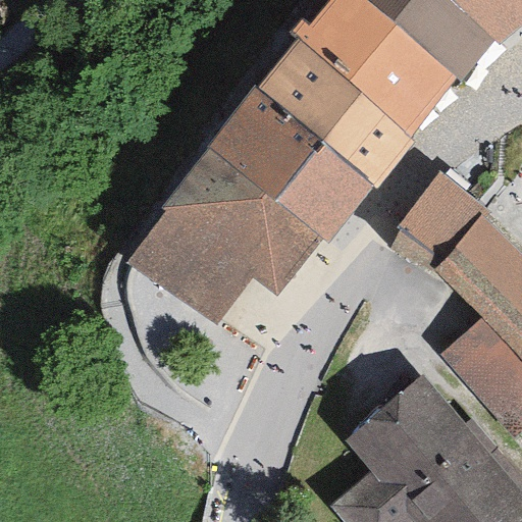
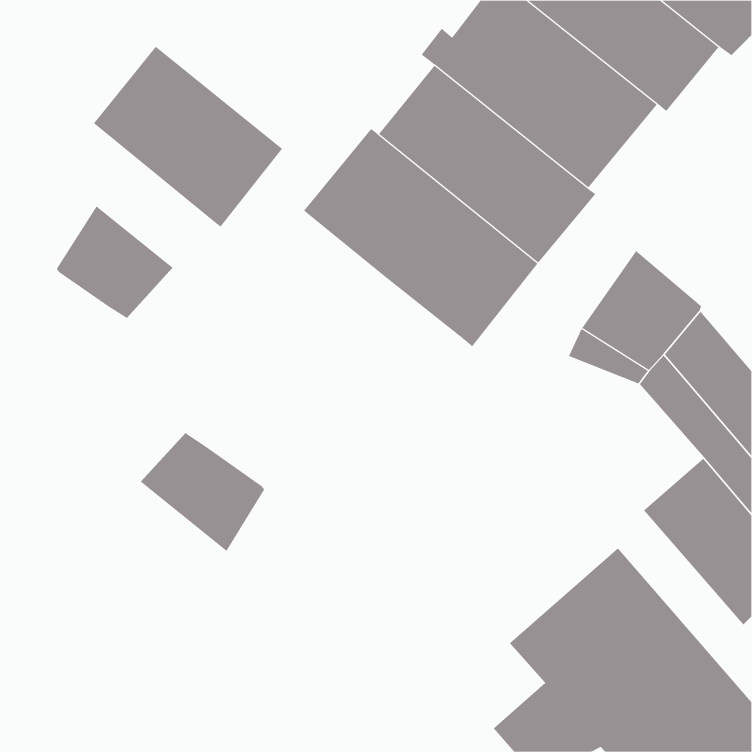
building: none -> [93,46,283,227]
building: none -> [56,206,173,319]
building: [137,146,319,321] -> none
building: none -> [140,432,265,552]

